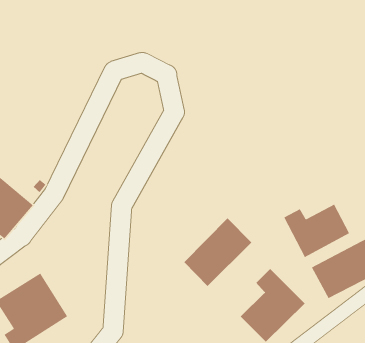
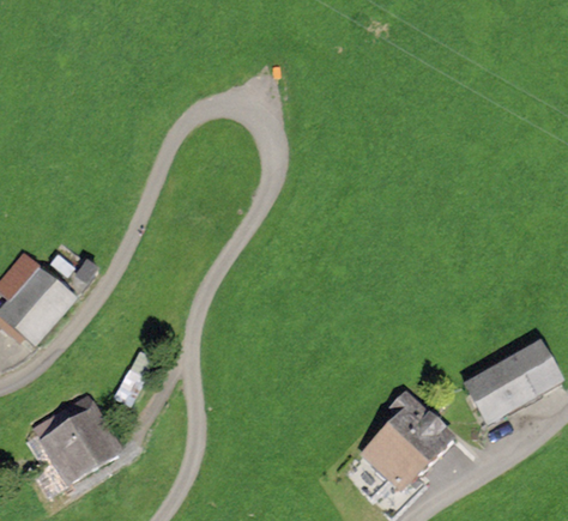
building: [283,204,350,258] -> none
building: [184,218,252,287] -> none

